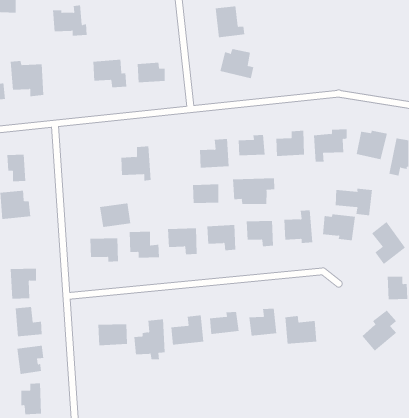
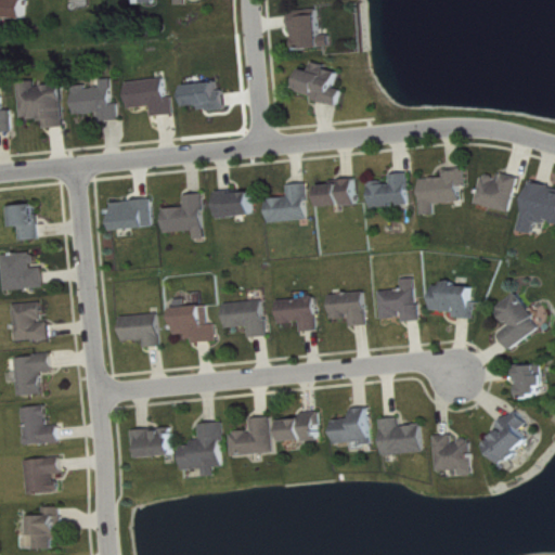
building: [52,5,88,36] -> [67,78,114,119]
building: [233,177,275,205] -> none
building: [192,184,219,204] -> [212,191,248,217]
building: [335,188,372,216] -> none
building: [99,203,131,227] -> [107,198,150,231]
building: none -> [11,302,46,341]
building: none -> [430,435,468,475]

